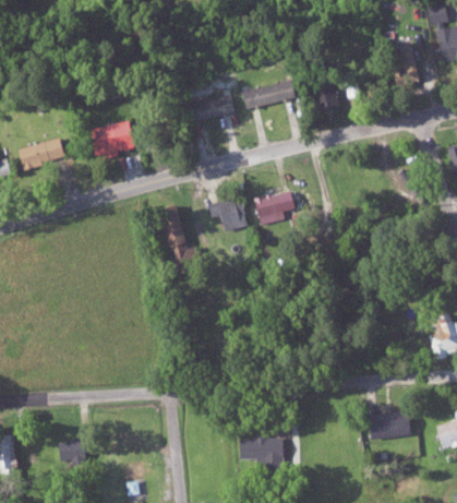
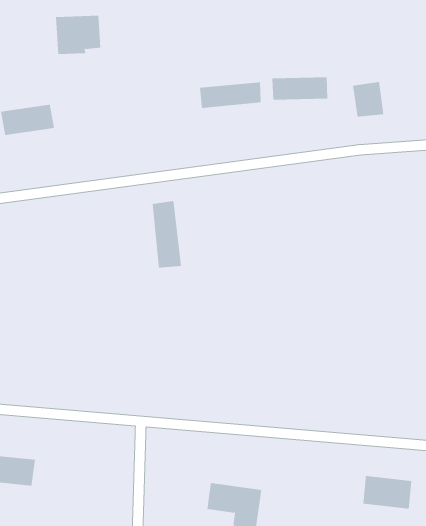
building: [91,121,133,159] -> [55,15,101,55]
building: [255,192,286,220] -> none
building: [209,197,248,230] -> none

